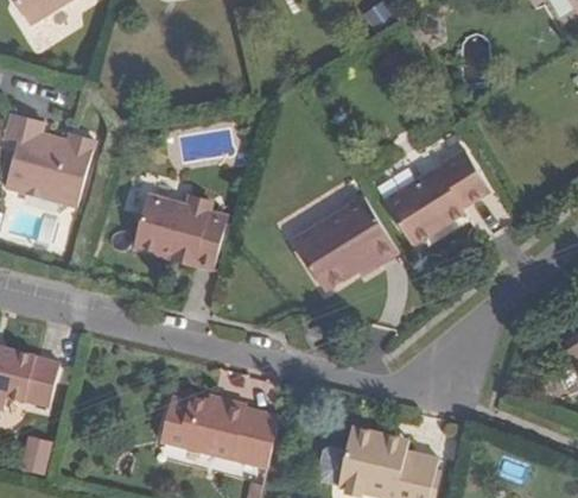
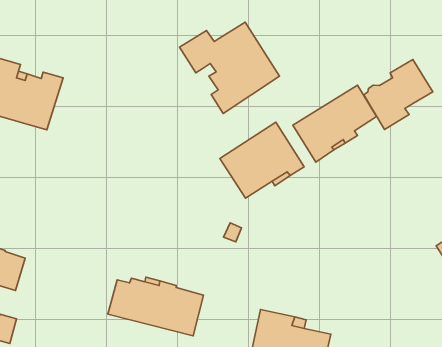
building: none -> [180,22,280,114]
building: none -> [364,59,433,129]
building: [134,193,228,266] -> none

